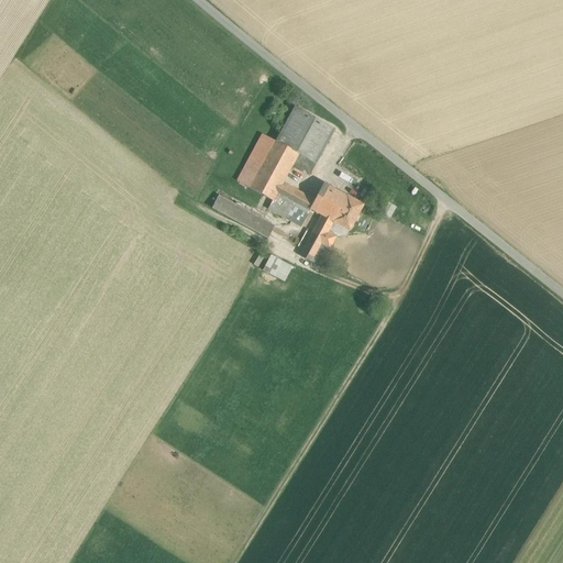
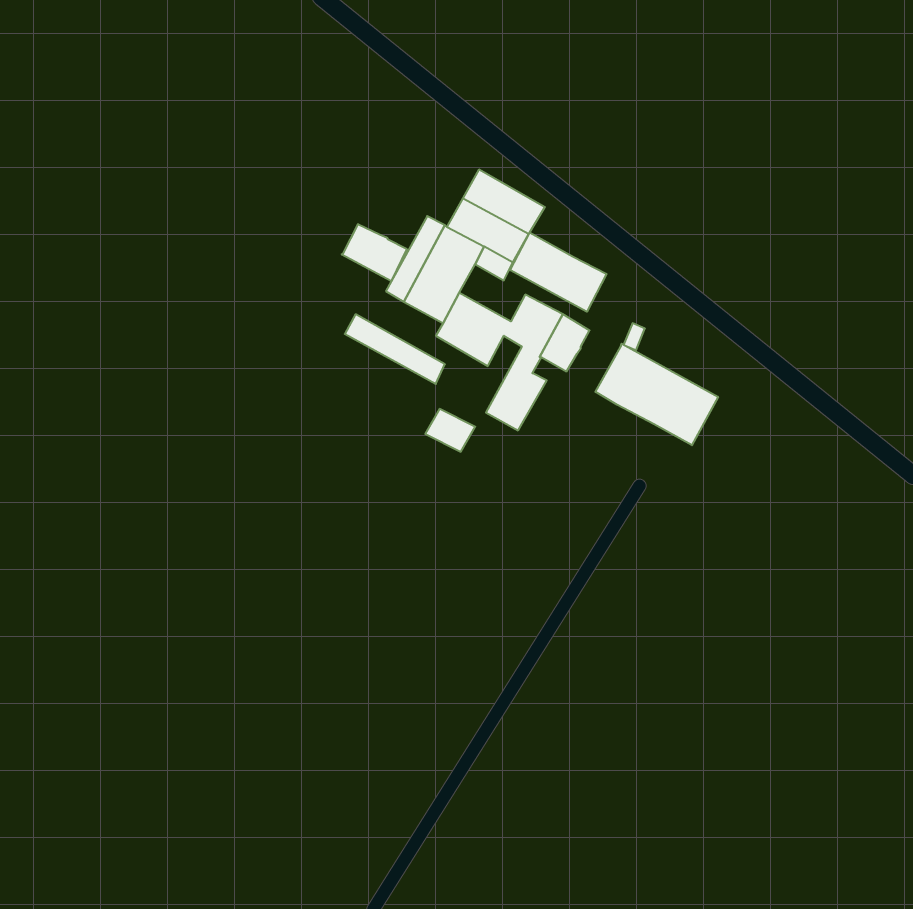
building: none -> [342,224,407,281]
building: none -> [510,232,607,312]
building: none -> [595,344,718,445]

